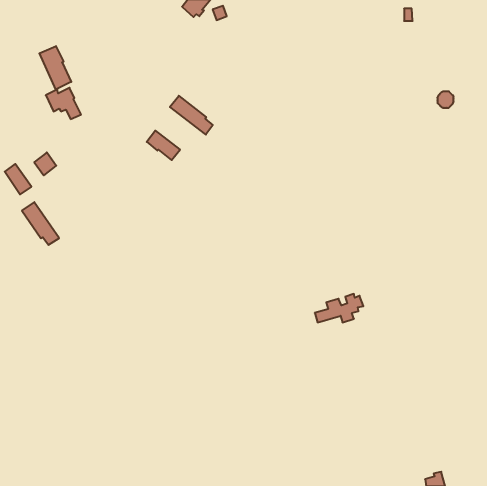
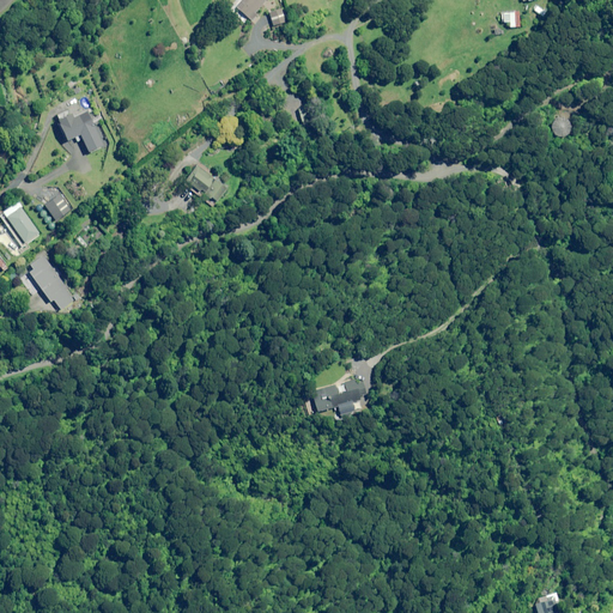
building: [39,46,71,89] -> none
building: [170,96,213,135] -> none
building: [315,294,363,322] -> [304,378,365,414]

